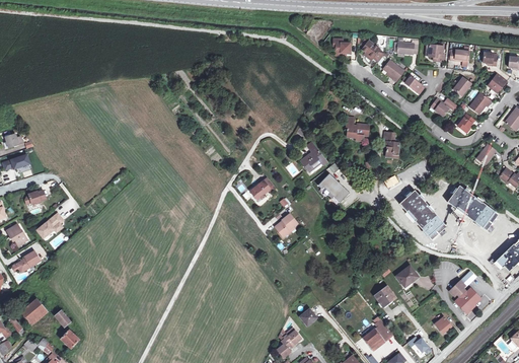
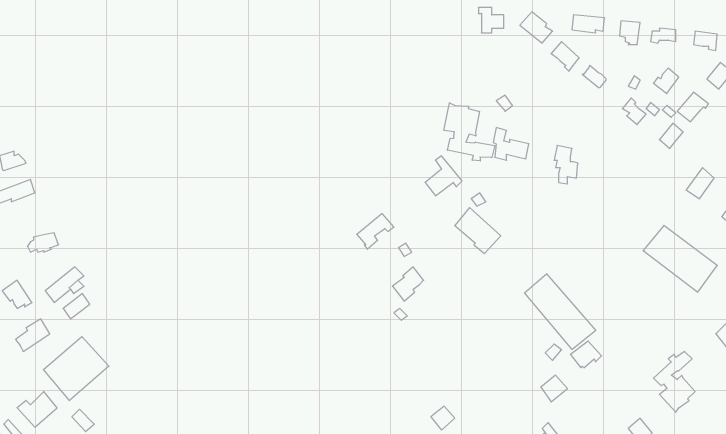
building: none -> [444,103,495,161]
building: [399,189,448,240] -> [524,274,596,349]
building: none -> [43,337,109,401]

